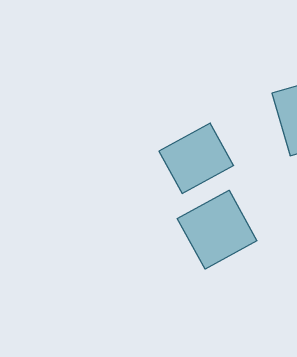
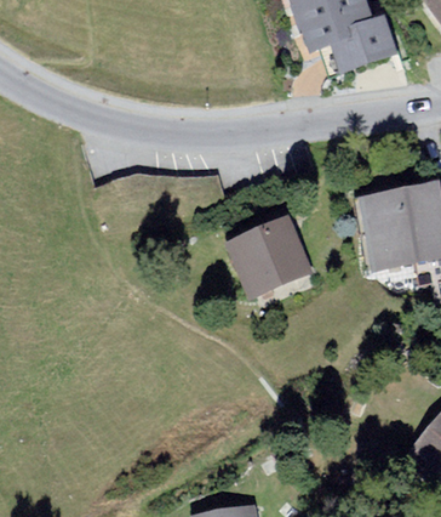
building: [177,190,257,269] -> none

